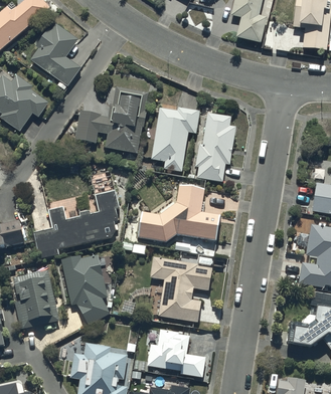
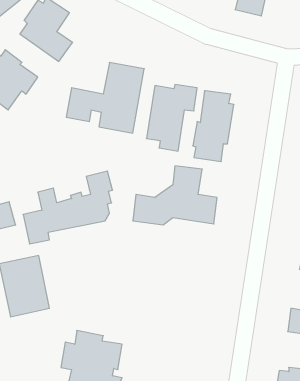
building: [60,254,111,326] -> none
building: [149,256,211,323] -> none
building: [147,329,205,377] -> none

